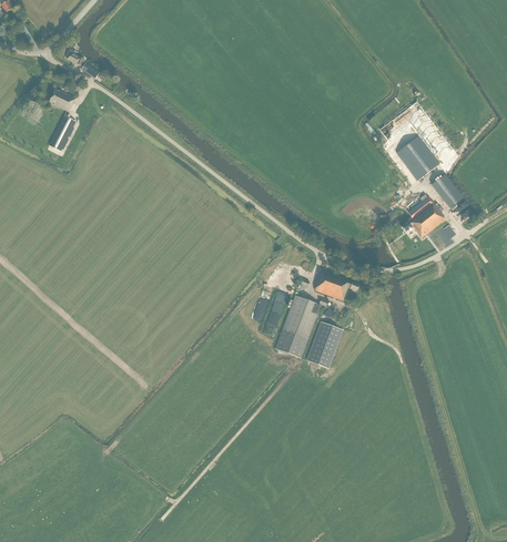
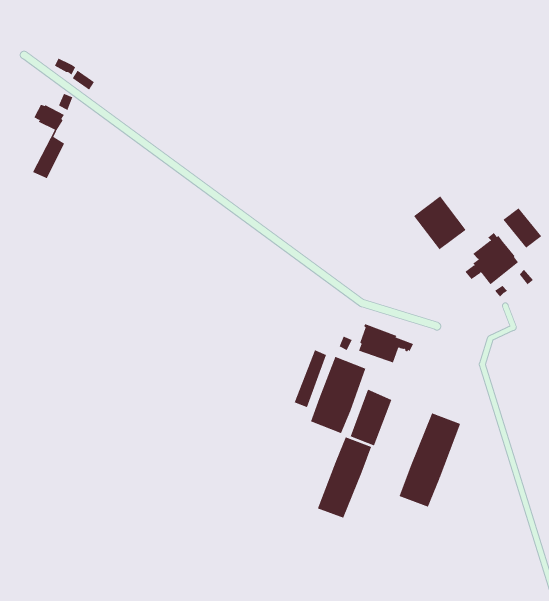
building: [395,135,438,180] -> [413,196,466,250]
building: none -> [399,413,461,507]
building: none -> [317,437,372,519]

